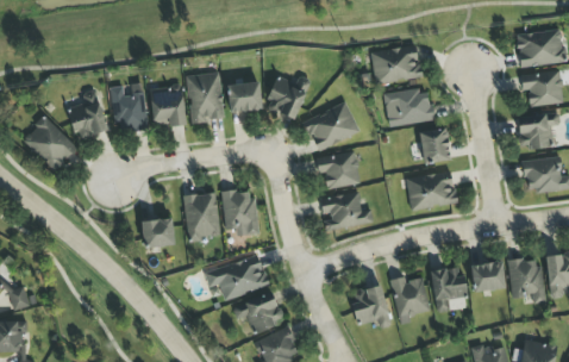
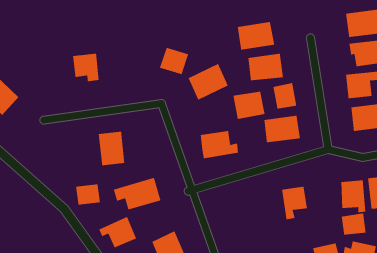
building: [187,71,224,121] -> none
building: [229,81,262,111] -> none
building: [111,85,149,132] -> none
building: [68,88,108,139] -> none
building: [317,150,361,189] -> [233,91,265,120]
building: [221,188,257,235] -> none
building: [140,217,175,246] -> [75,183,101,206]
building: [470,260,505,291] -> [341,213,366,236]
building: [389,275,430,324] -> none
building: [349,282,393,327] -> none
building: [232,289,284,333] -> [98,216,137,249]

